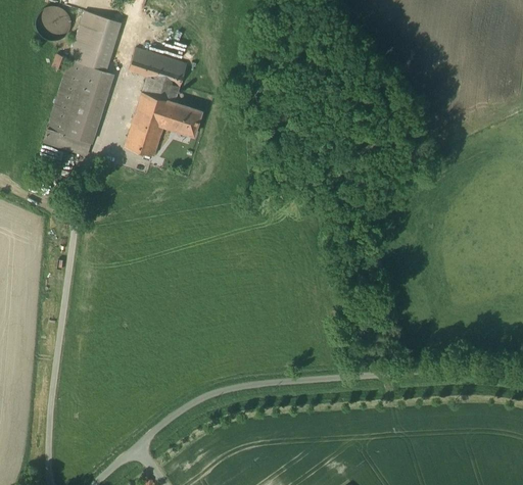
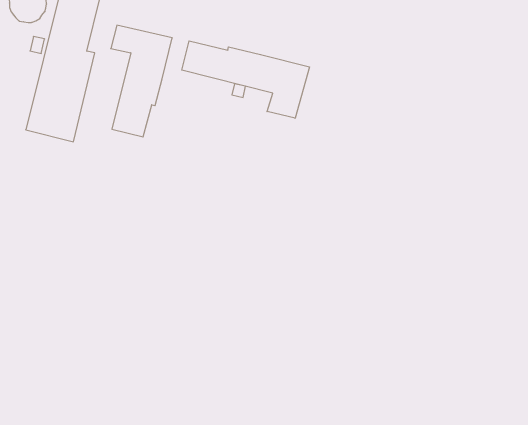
building: none -> [182,41,309,118]
building: [167,102,201,135] -> none

